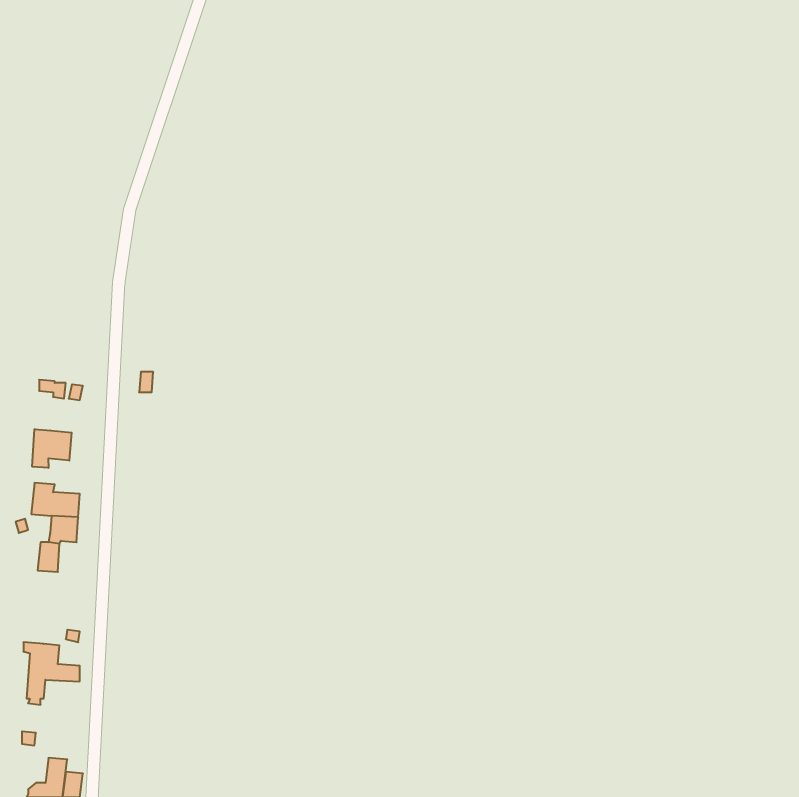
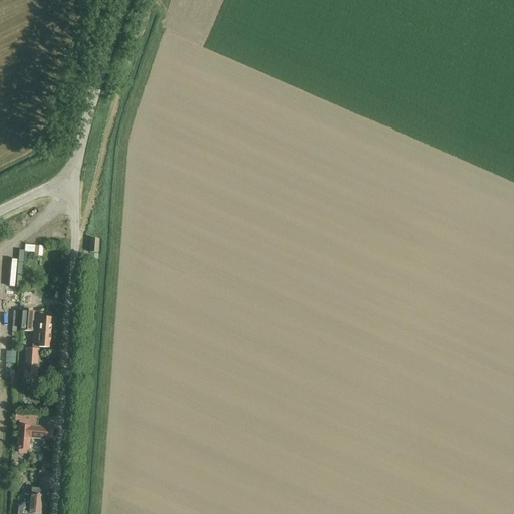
building: [32,429,72,468] -> none

